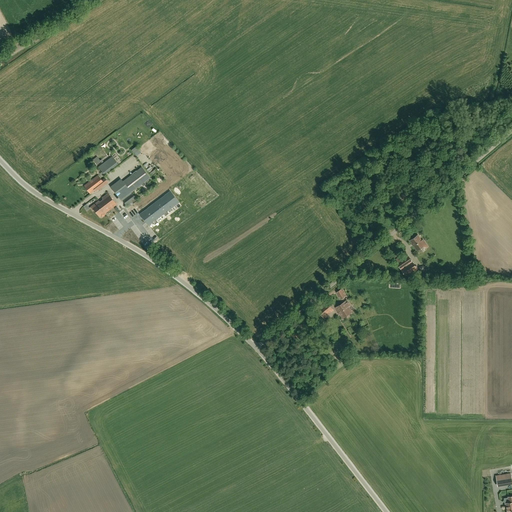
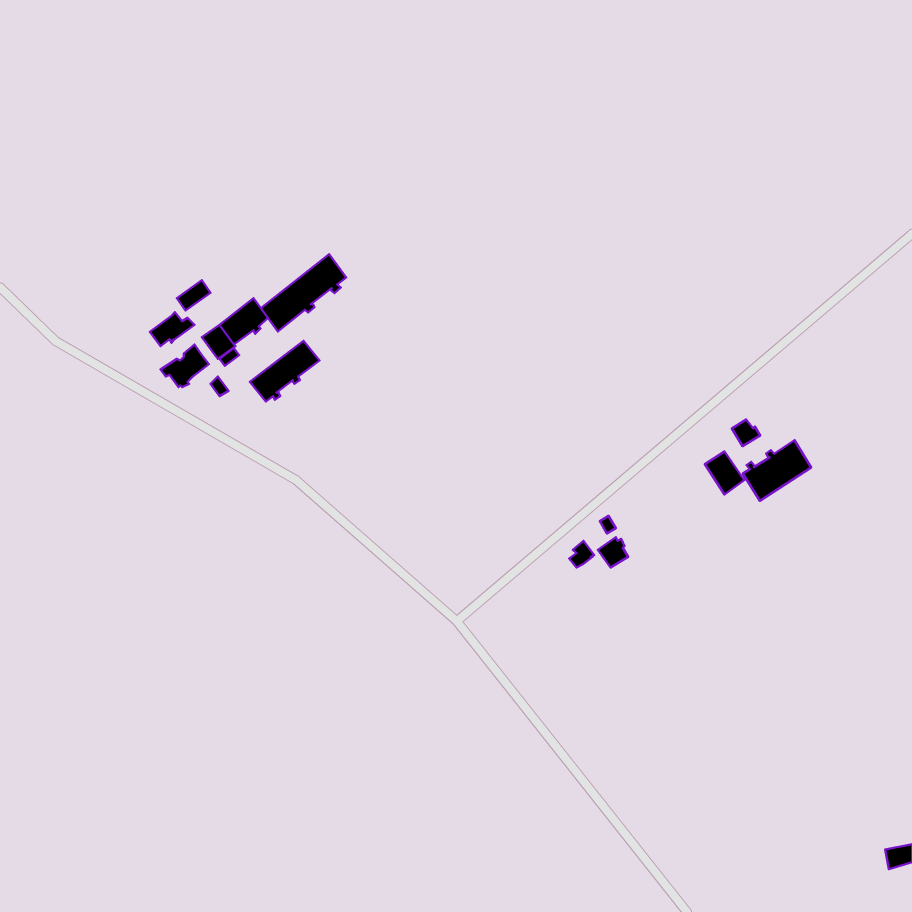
building: none -> [261,254,346,331]
building: none -> [743,440,811,501]

